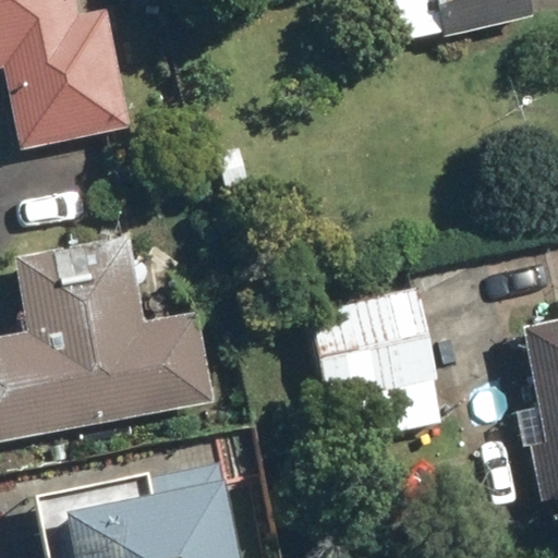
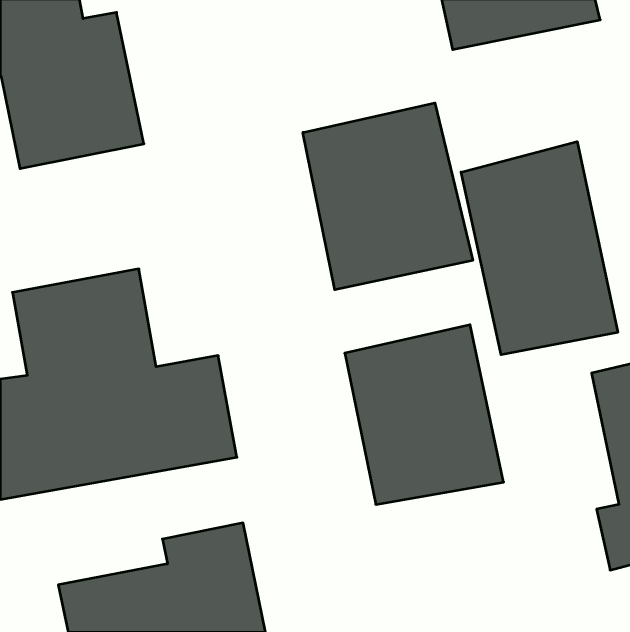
building: none -> [303,103,473,290]
building: none -> [461,142,618,355]

